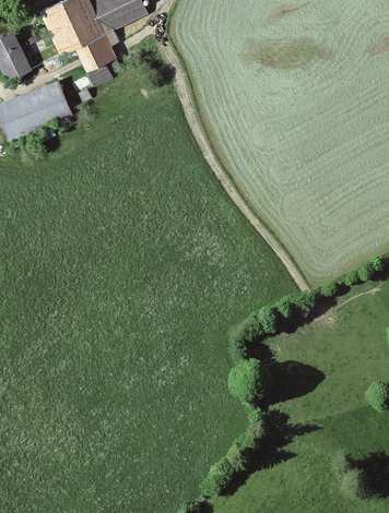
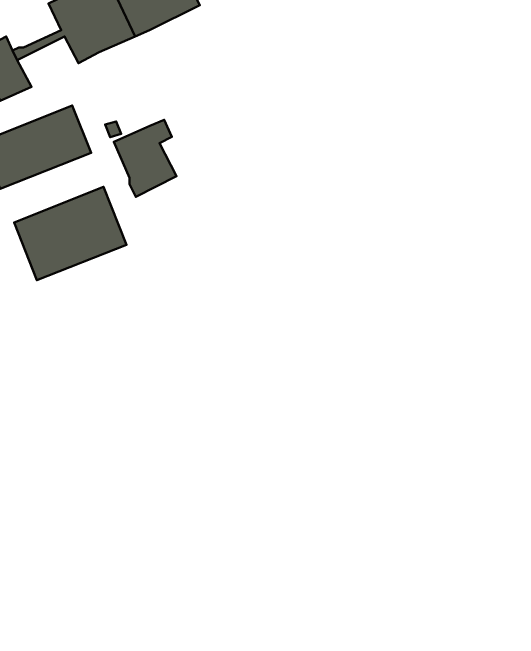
building: [76,28,120,82] -> [114,120,177,197]
building: none -> [14,187,126,280]

